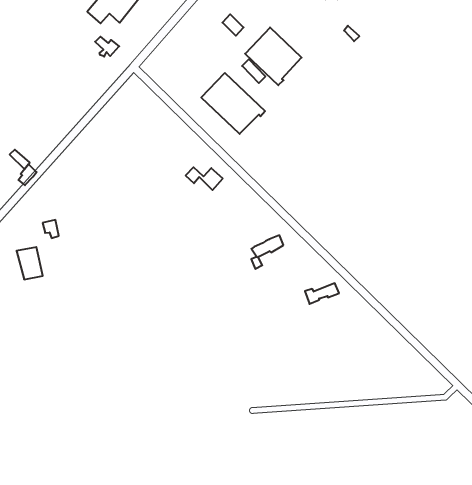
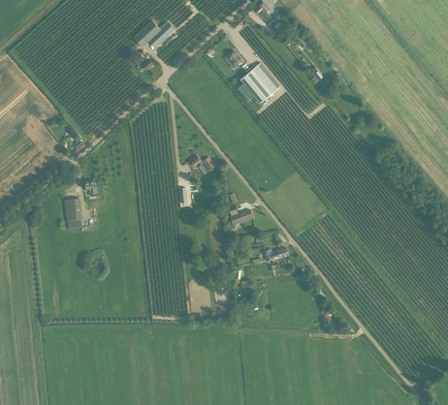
building: [201,73,265,134] -> none

